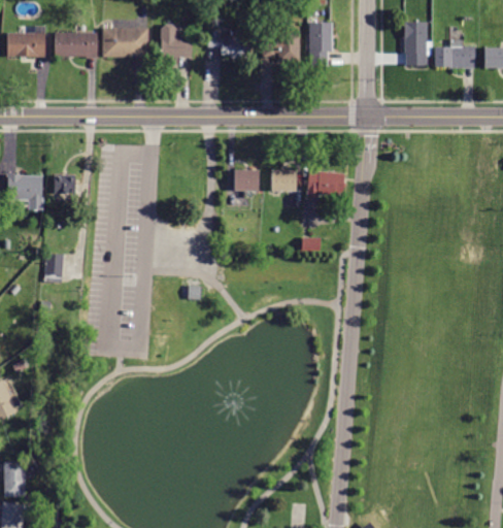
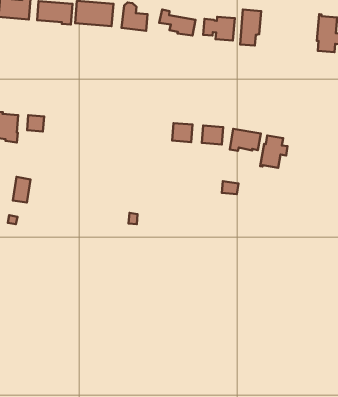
building: none -> [260,136,288,168]

